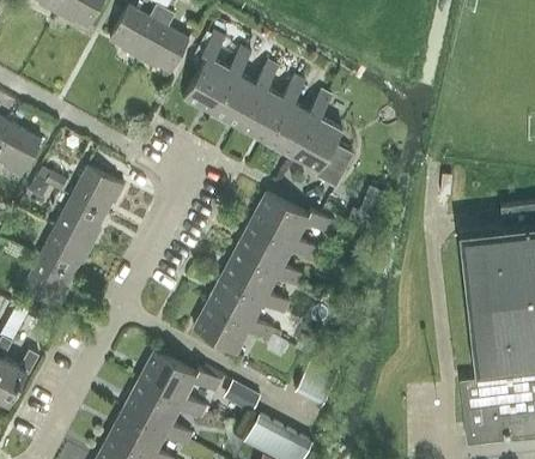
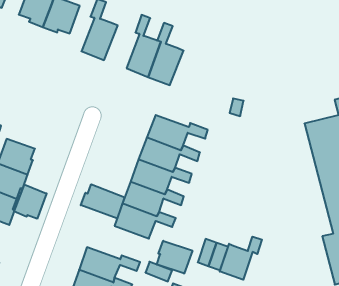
building: [211,46,261,126] -> none
building: [291,90,353,185] -> none
building: [71,164,124,213] -> none
building: none -> [14,185,47,219]
building: none -> [81,184,125,218]
building: none -> [157,241,192,274]
building: none -> [220,237,262,280]

